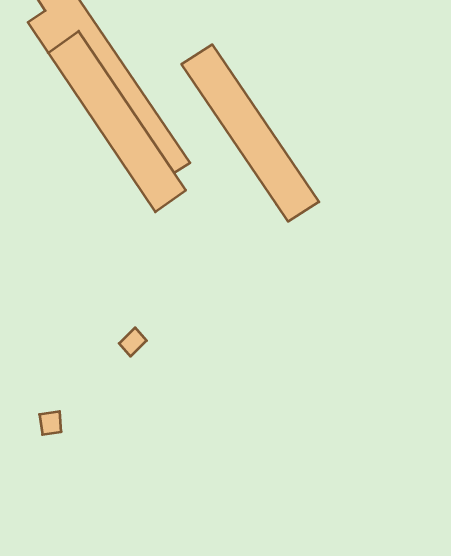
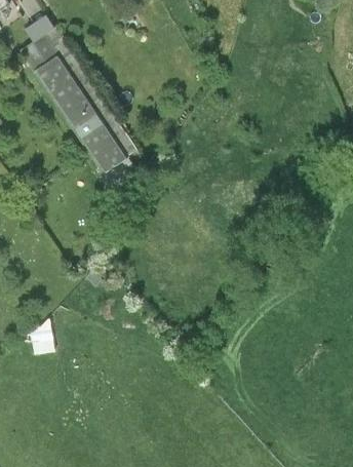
building: [182,45,319,221] -> none

